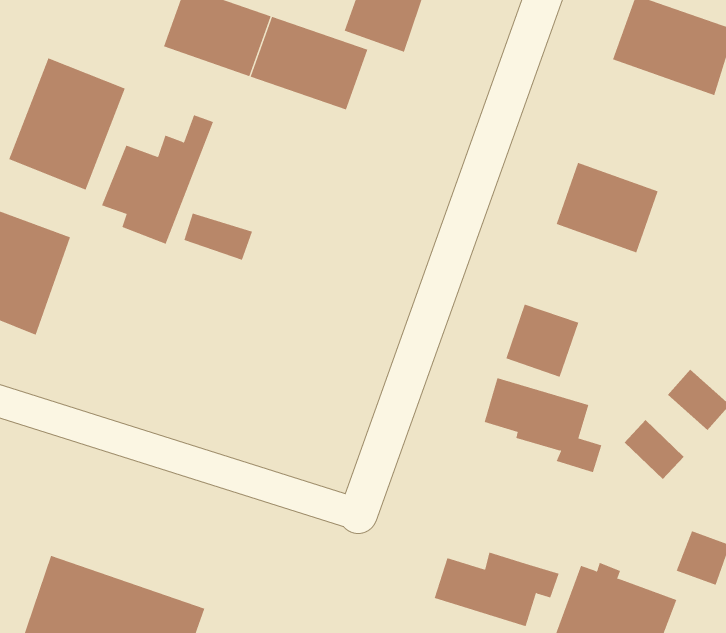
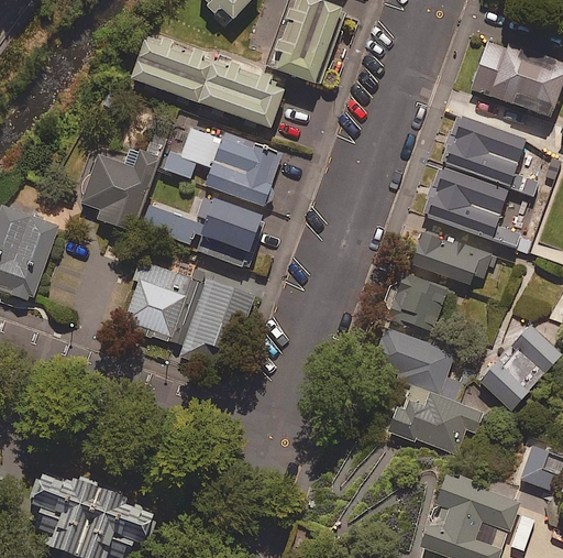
building: [8,57,126,190] -> none
building: none -> [443,117,537,195]
building: none -> [163,124,282,204]
building: none -> [196,197,269,267]
building: none -> [409,232,489,284]
building: none -> [122,262,254,366]
building: [434,552,559,627] -> [386,395,482,452]

